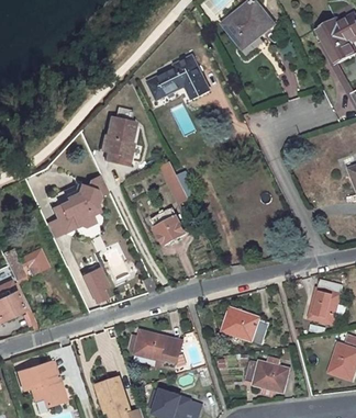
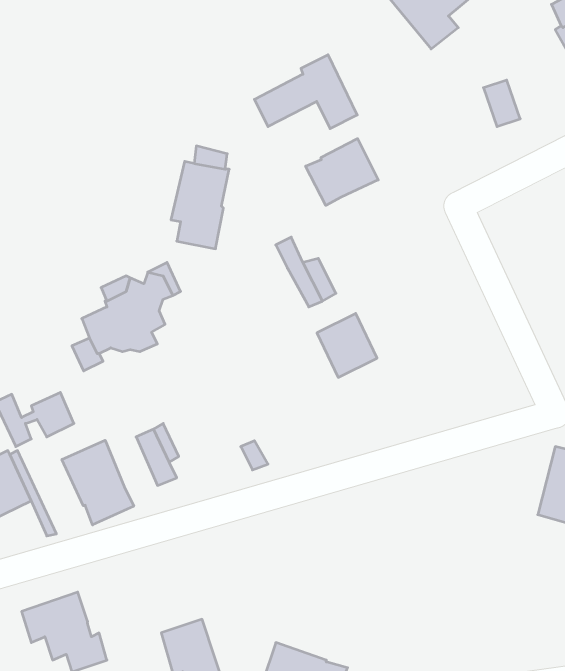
building: none -> [306,139,378,205]
building: [152,208,186,245] -> [317,313,377,377]
building: none -> [62,440,134,525]
building: [223,308,270,344] -> none
building: [130,331,183,369] -> none
building: [245,361,289,393] -> none

